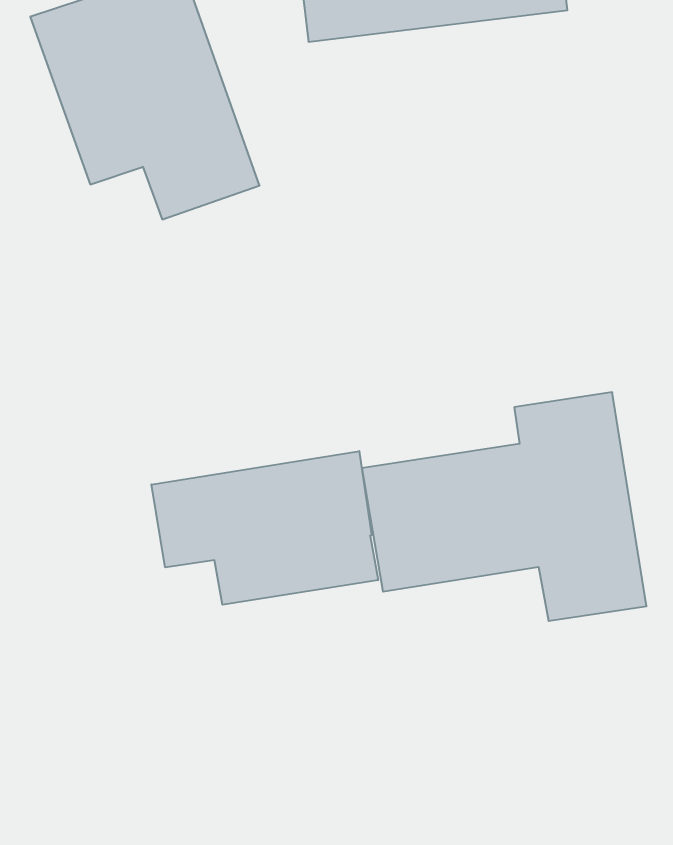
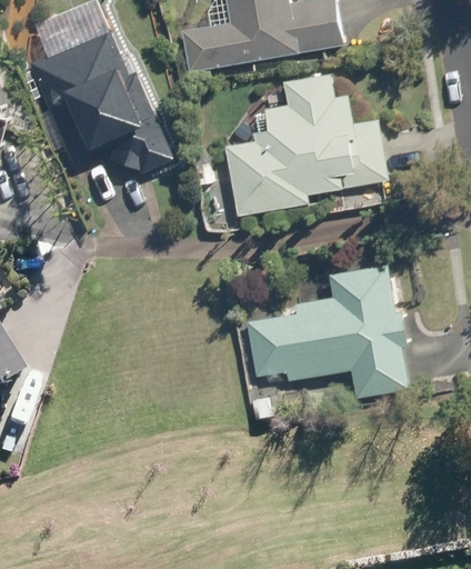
building: none -> [226,71,392,212]
building: [151,451,378,605] -> none

